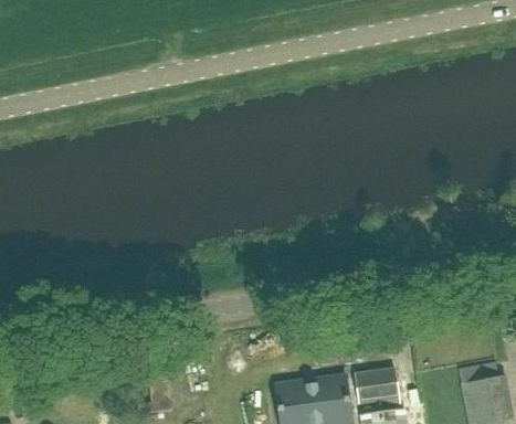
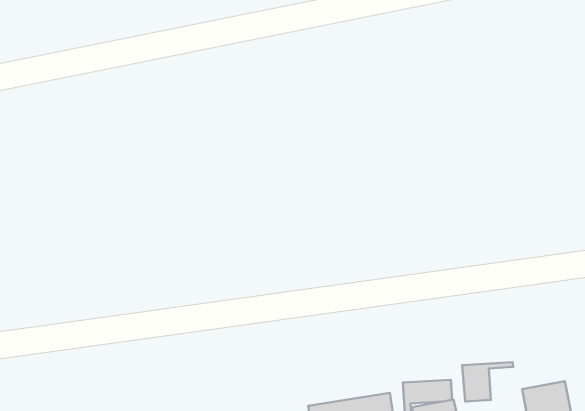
building: none -> [462,362,513,402]

